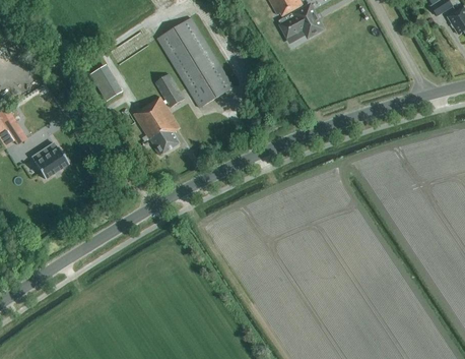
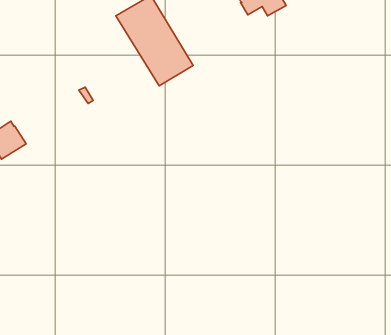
building: [87,61,121,100] -> none
building: [132,73,183,155] -> none

